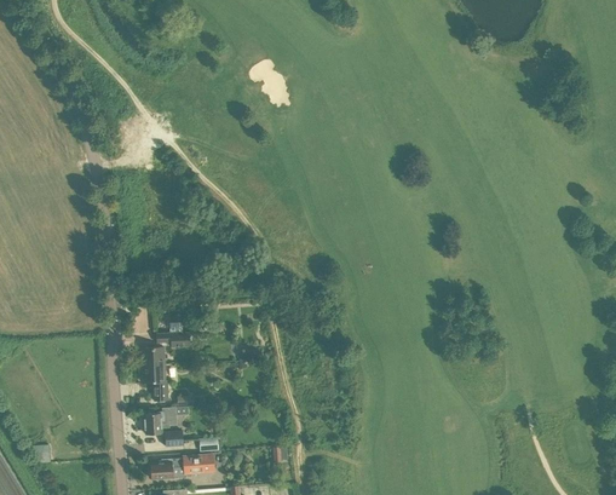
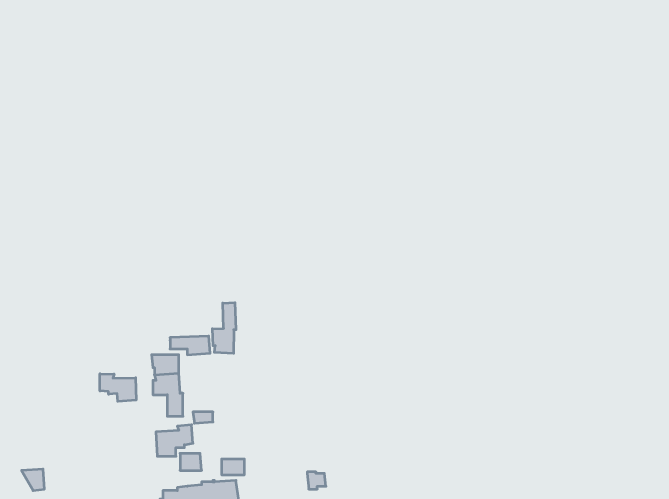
building: none -> [212,303,236,353]
building: none -> [100,374,136,401]

